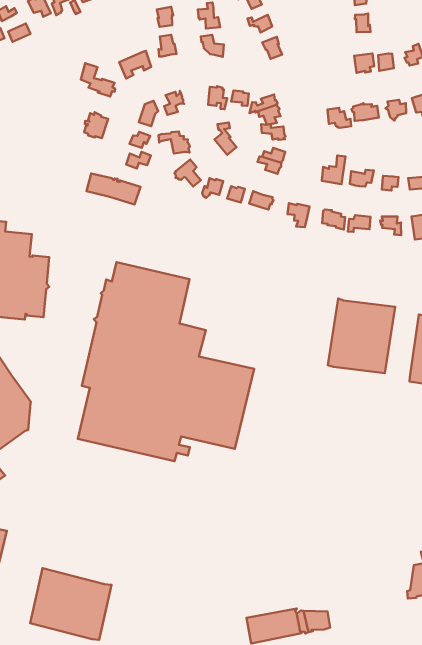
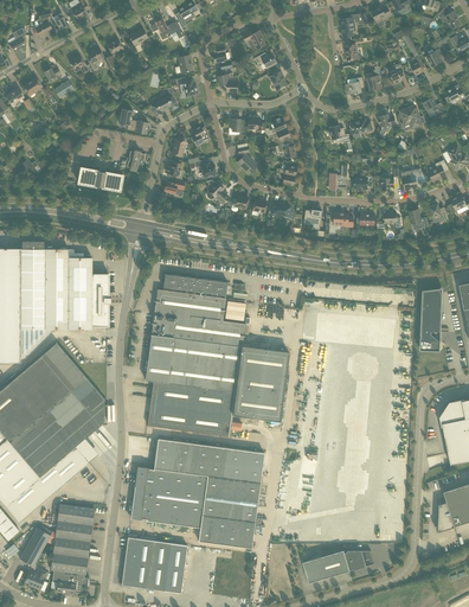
building: [87,173,141,204] -> [77,167,122,190]
building: [328,299,395,373] -> none
building: none -> [129,437,263,547]

